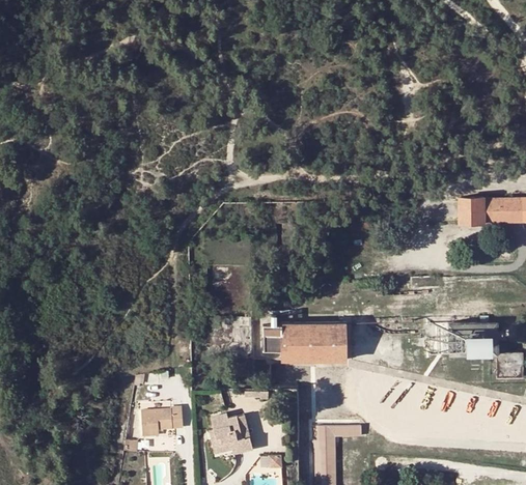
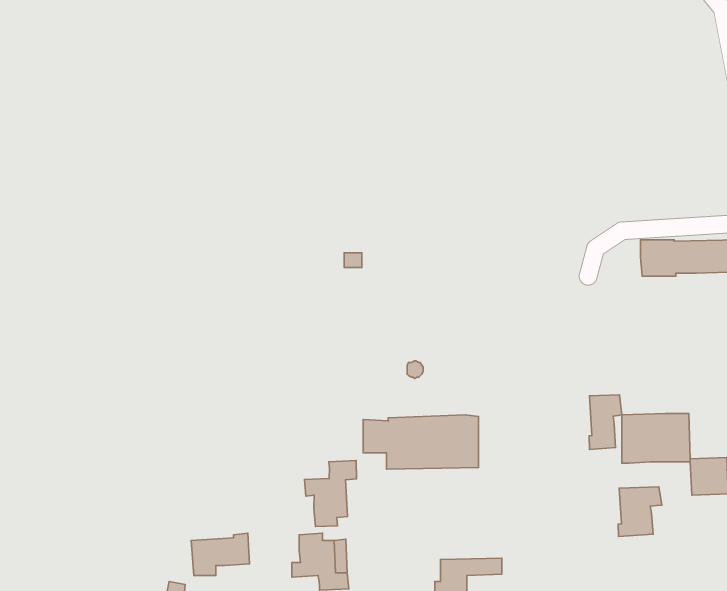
building: none -> [589,395,622,450]
building: none -> [304,460,356,527]
building: none -> [618,487,662,536]

